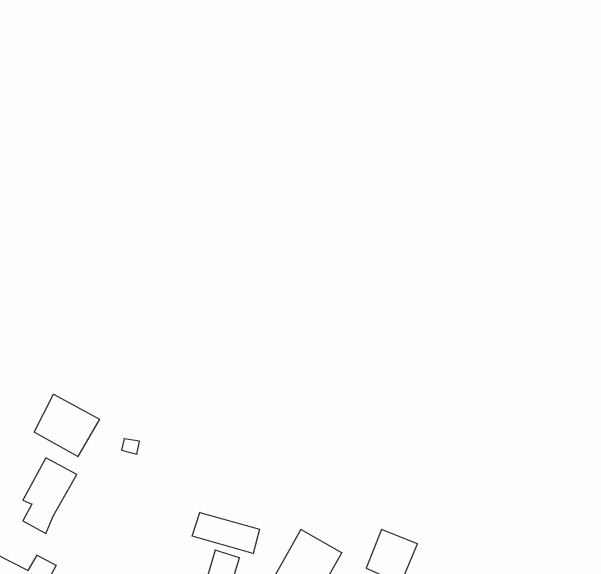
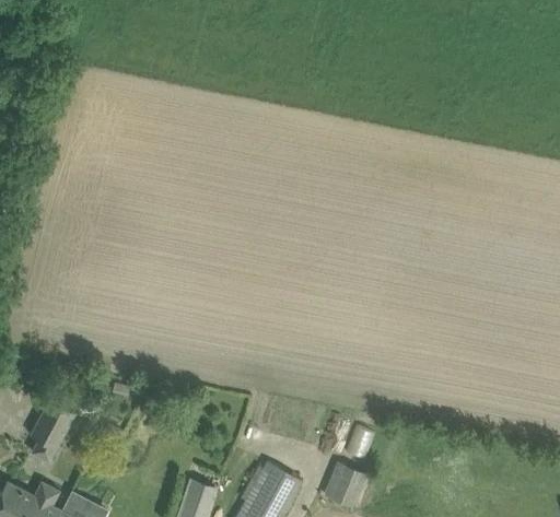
building: [34,394,99,457] -> none
building: [192,512,260,554] -> none

